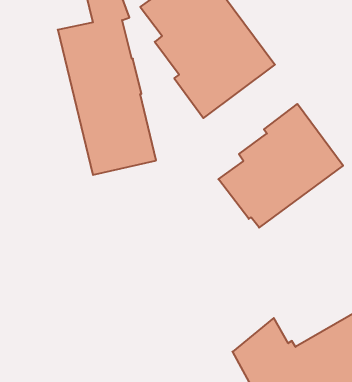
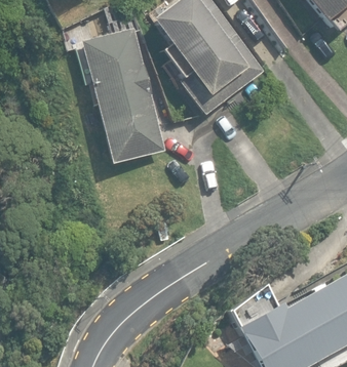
building: [218,104,343,228] -> none

